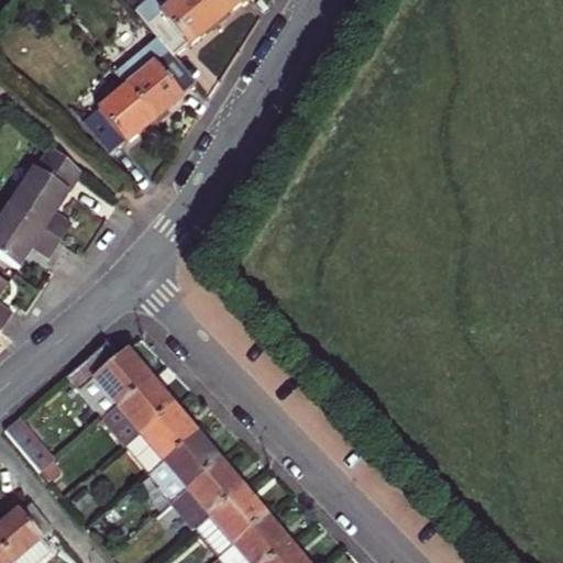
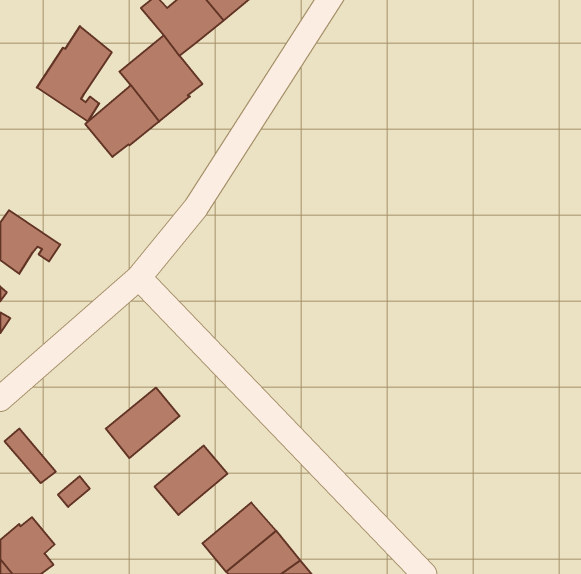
building: [9,144,81,236] -> [37,26,112,122]
building: [67,341,151,415] -> none
building: [125,402,197,471] -> none
building: [173,459,243,526] -> none

